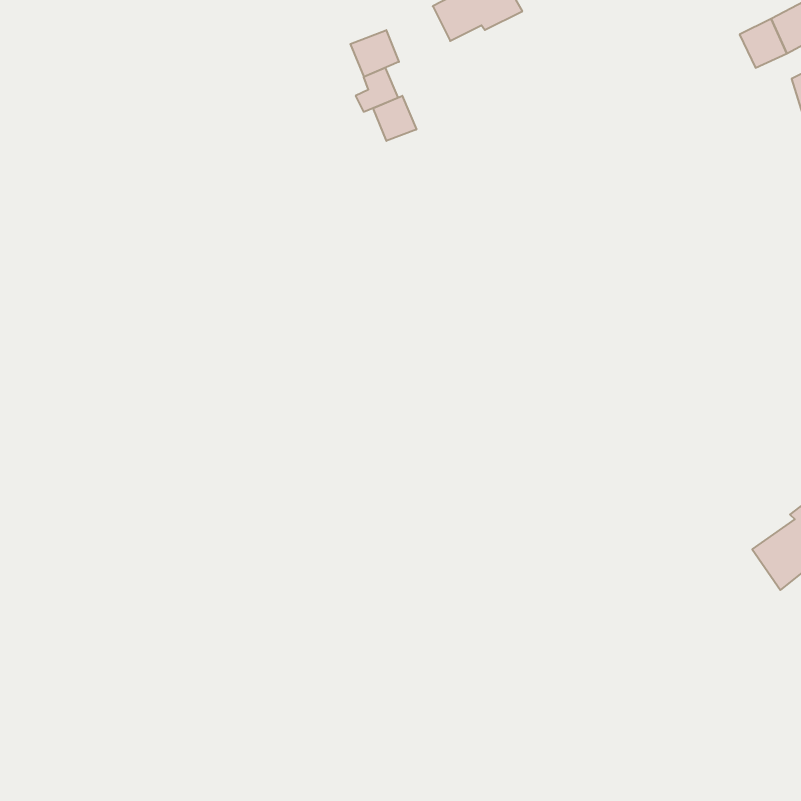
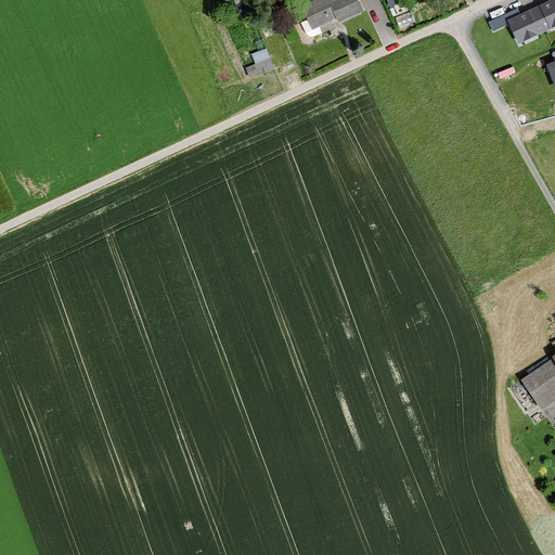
building: [350,30,399,77] -> none
building: [373,96,416,141] -> none

